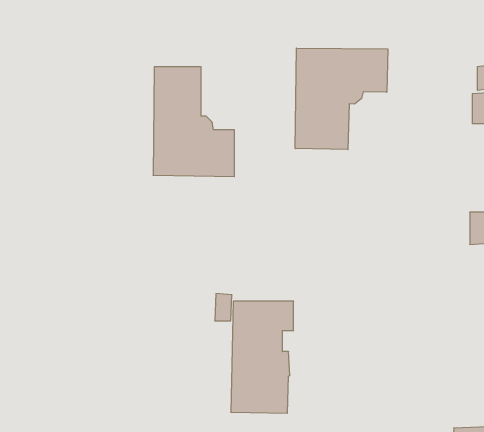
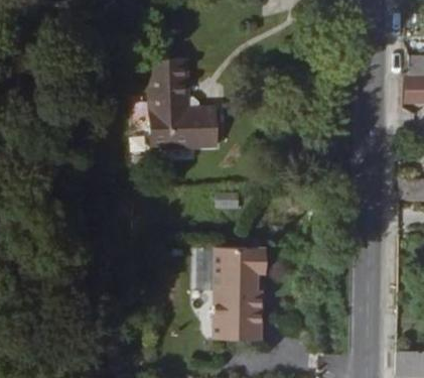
building: [295,48,388,150] -> none

